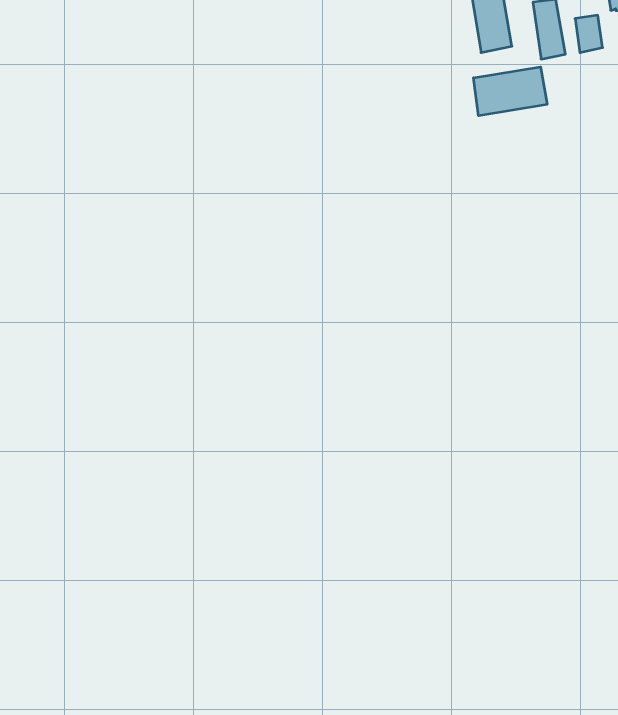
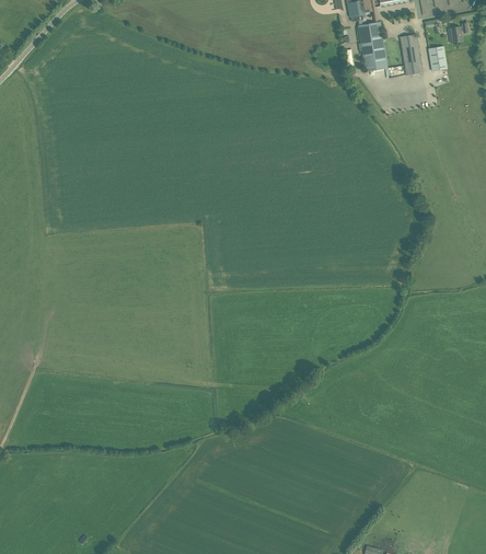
building: [474,67,547,116] -> none

